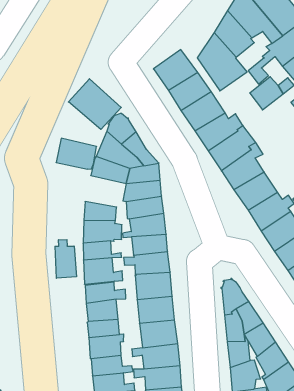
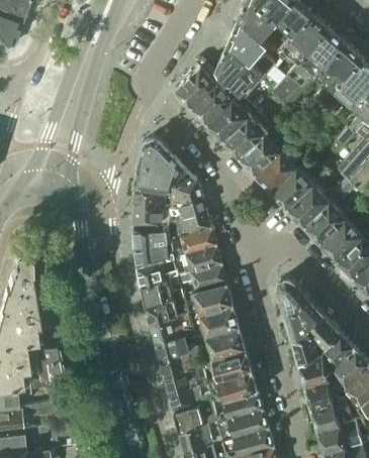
building: [68,79,121,129] -> none
building: [56,138,97,169] -> [132,204,169,229]
building: [55,240,76,278] -> none

